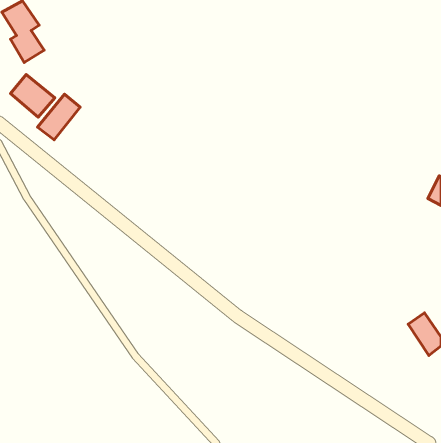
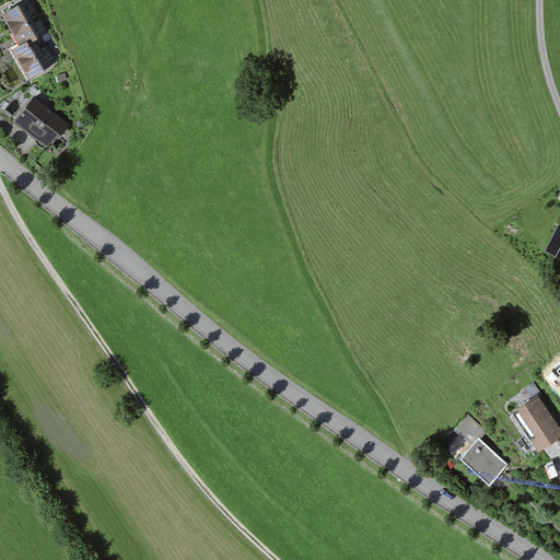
building: [38,94,80,140] -> none
building: none -> [451,415,508,487]

